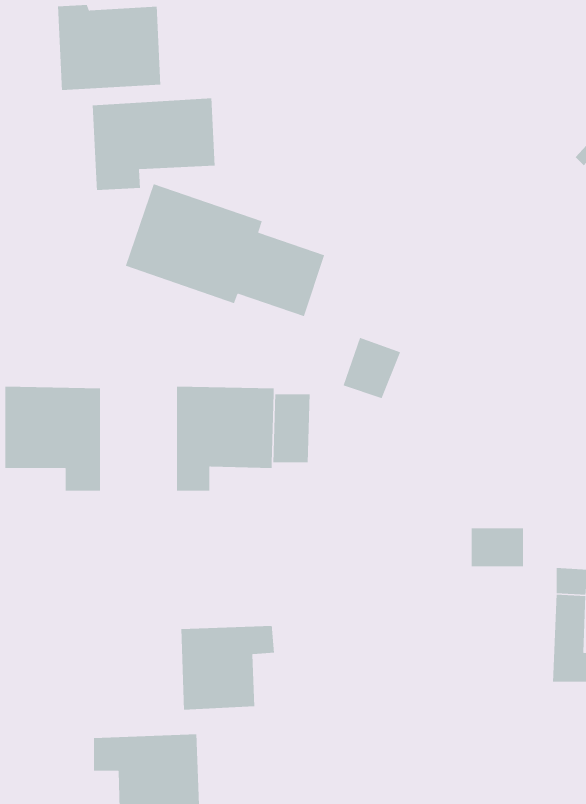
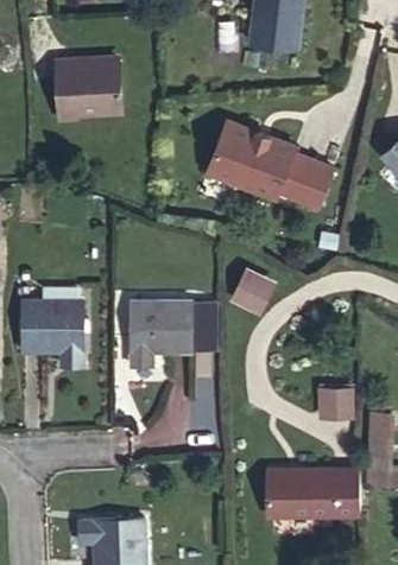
building: [92,97,215,191] -> none
building: [125,183,325,317] -> [208,122,334,207]
building: [180,625,275,710] -> none
building: none -> [265,470,360,518]

